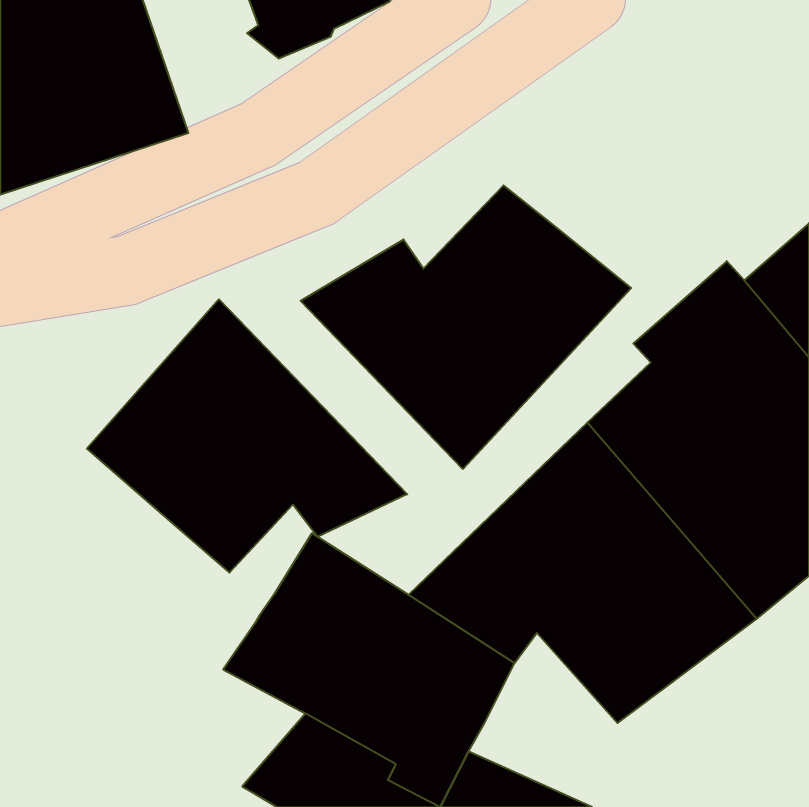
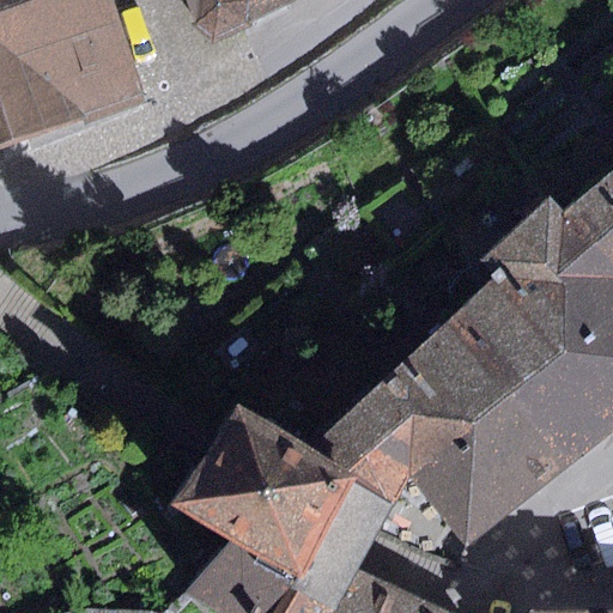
building: [301,185,631,469] -> none
building: [87,299,407,573] -> none

